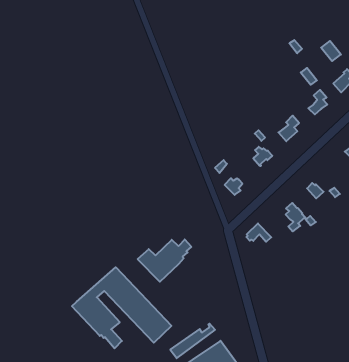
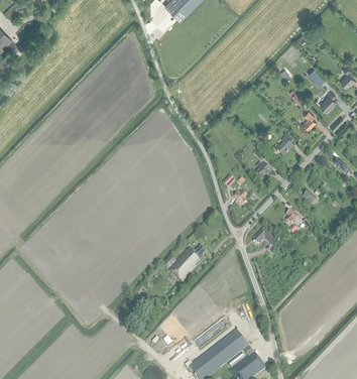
building: [72,267,171,348] -> none

